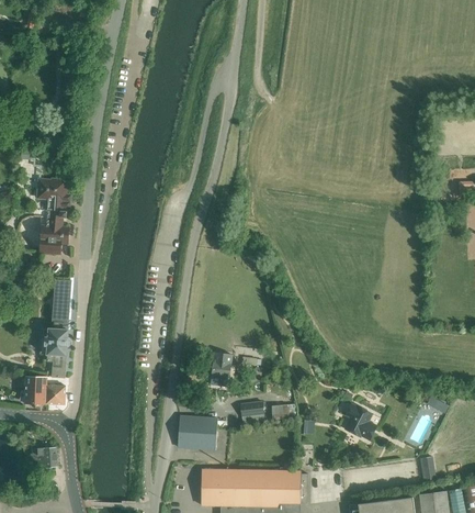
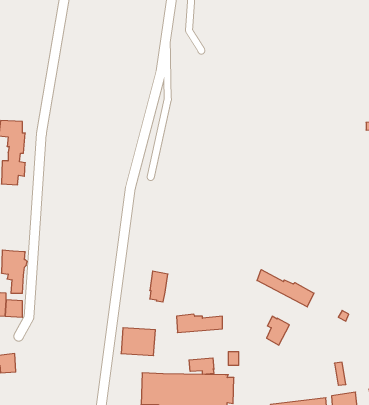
building: [53,279,71,330] -> none
building: none -> [257,270,314,307]
building: none -> [189,358,214,374]

